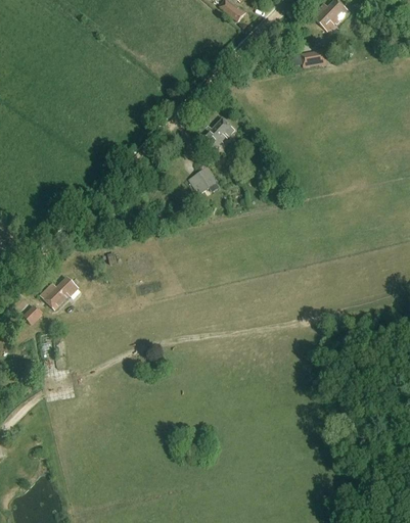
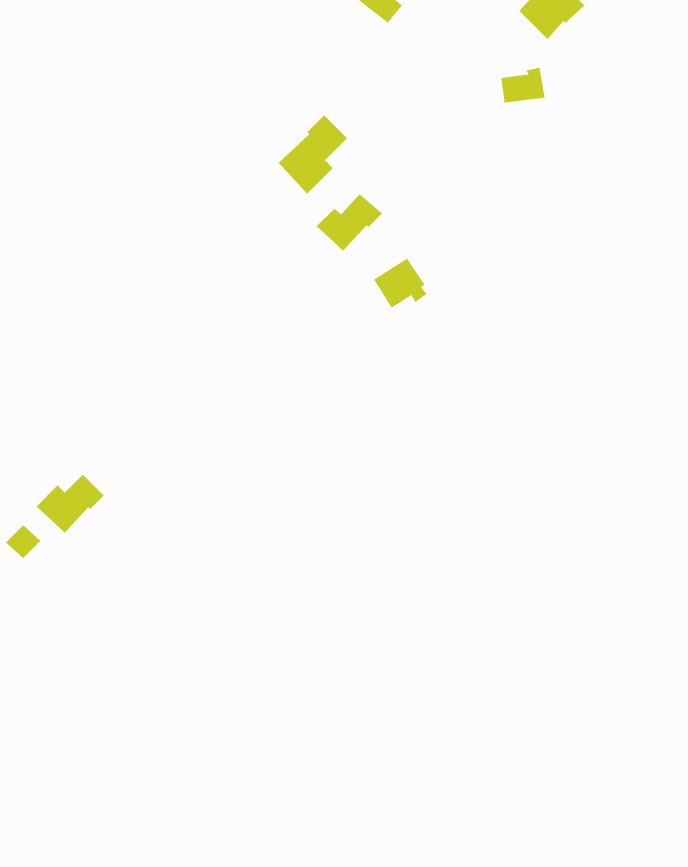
building: none -> [278,114,348,194]
building: [189,165,220,194] -> [373,258,427,308]

